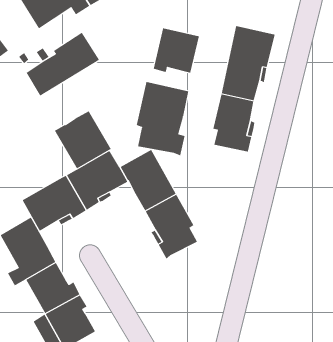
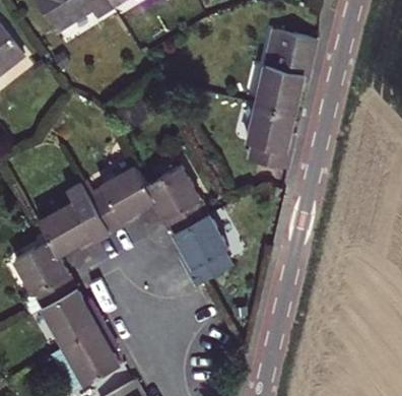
building: [153,28,199,73] -> none
building: [26,32,100,96] -> none
building: [136,81,189,156] -> none
building: [54,111,111,169] -> none

